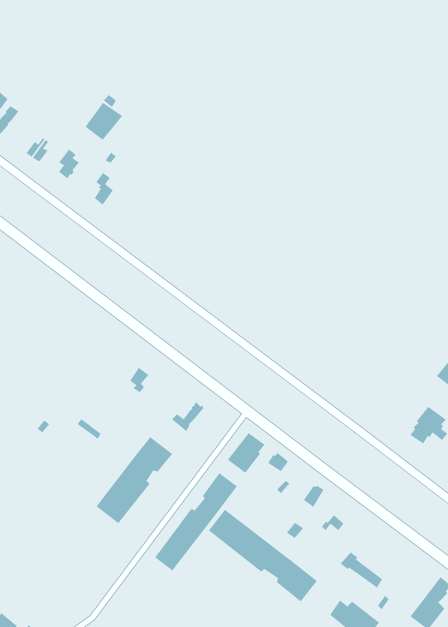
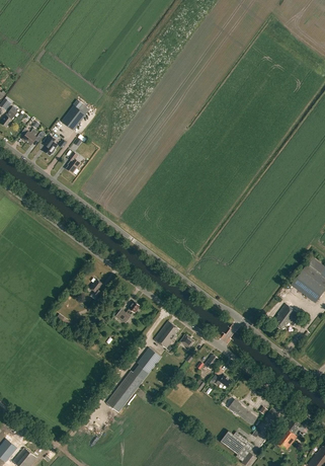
building: [96,436,173,524] -> none
building: [208,509,318,602] -> none

